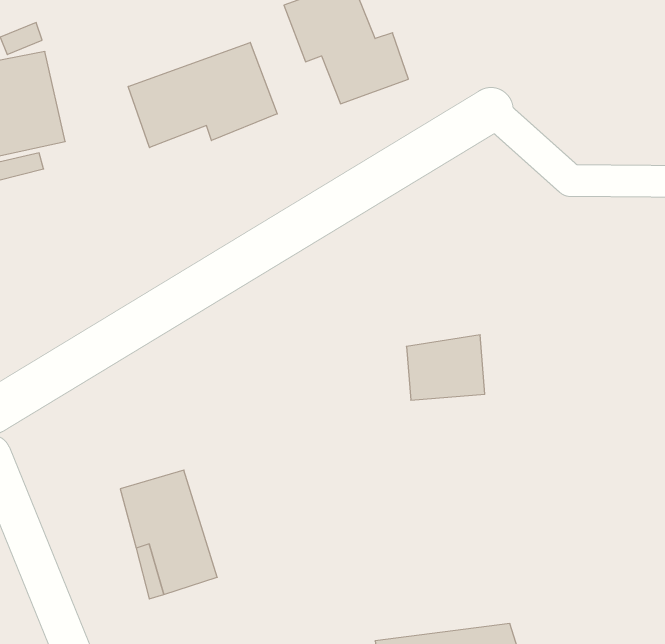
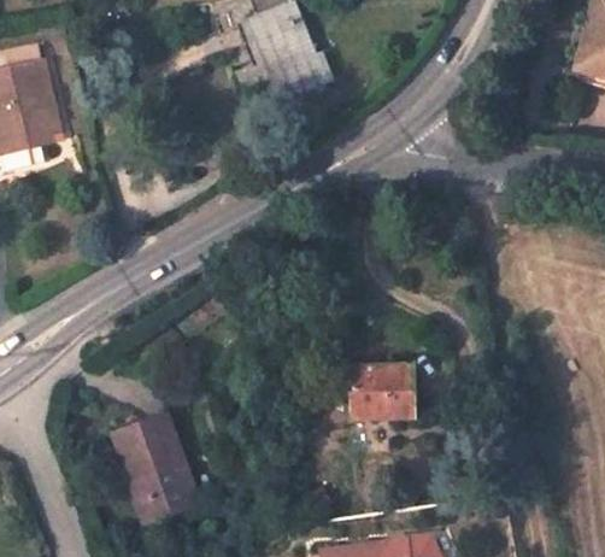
building: [128,42,277,148] -> none
building: [406,335,485,400] -> [345,364,410,418]

